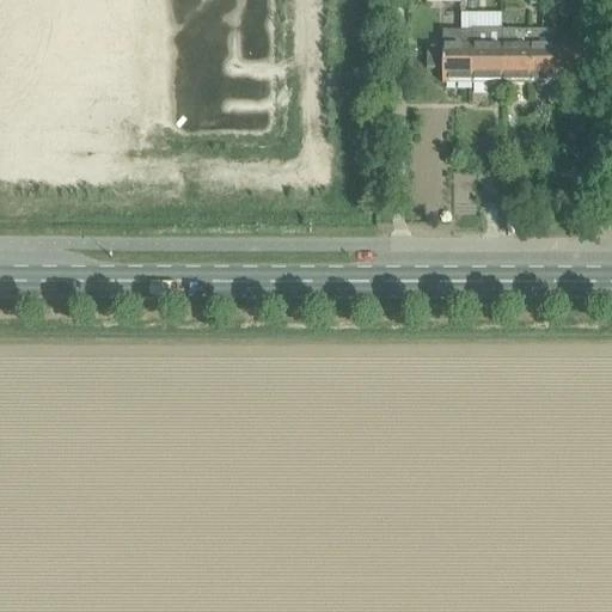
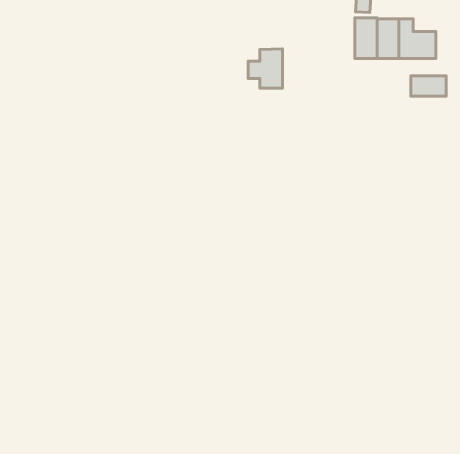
building: [426,25,471,78] -> [248,49,282,88]
building: none -> [411,76,446,96]

